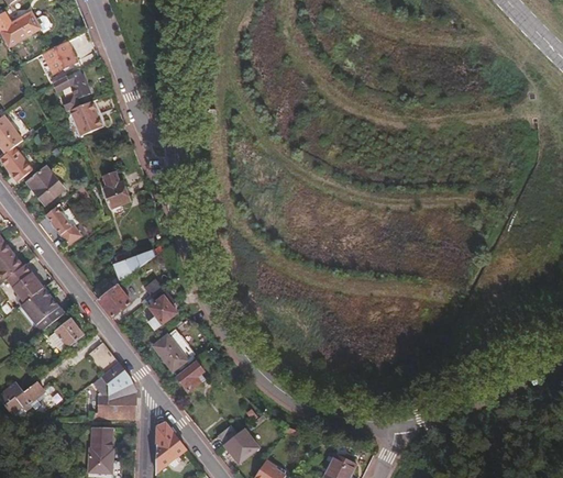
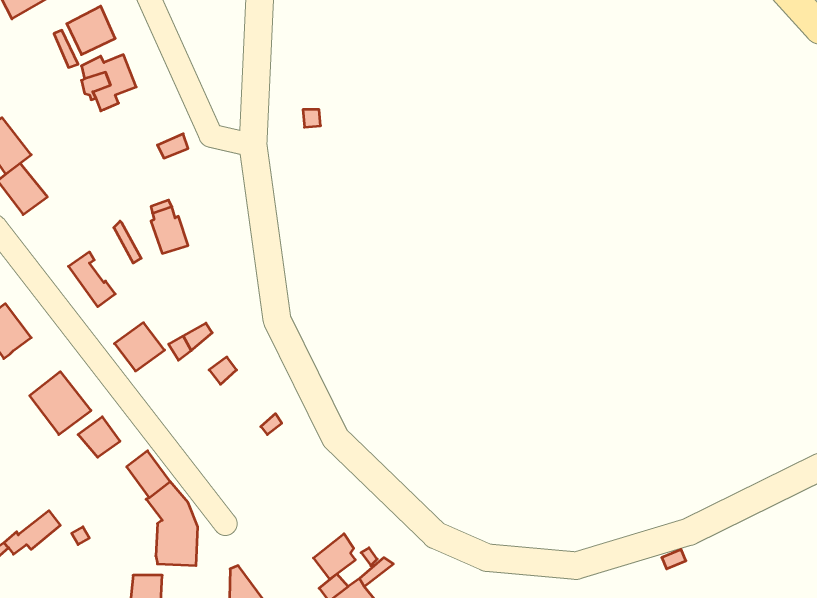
building: [71,100,103,135] -> none
building: [26,165,64,204] -> none
building: [8,263,43,304] -> none
building: [97,285,131,318] -> [114,323,165,371]
building: [147,296,175,329] -> none
building: [162,333,194,364] -> none
building: [177,362,206,392] -> [313,534,355,579]

